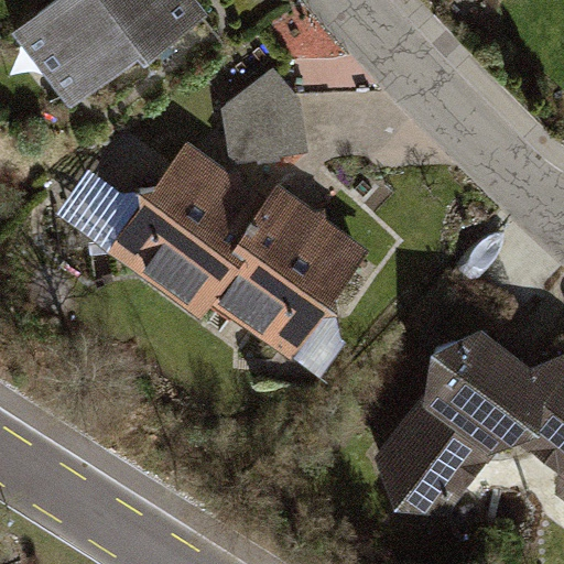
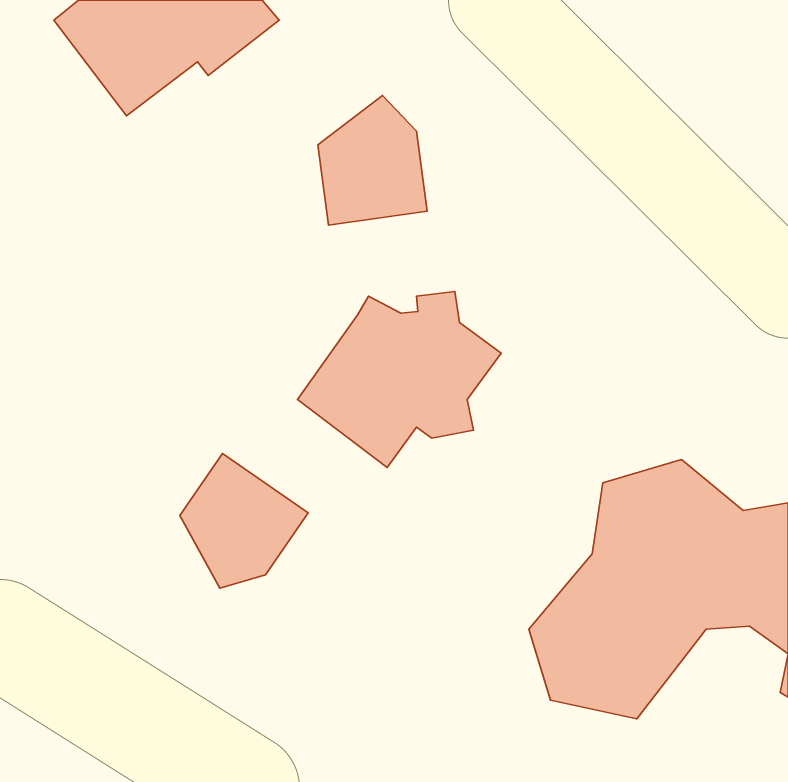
building: [61,158,256,307] -> none
building: none -> [180,453,308,588]

